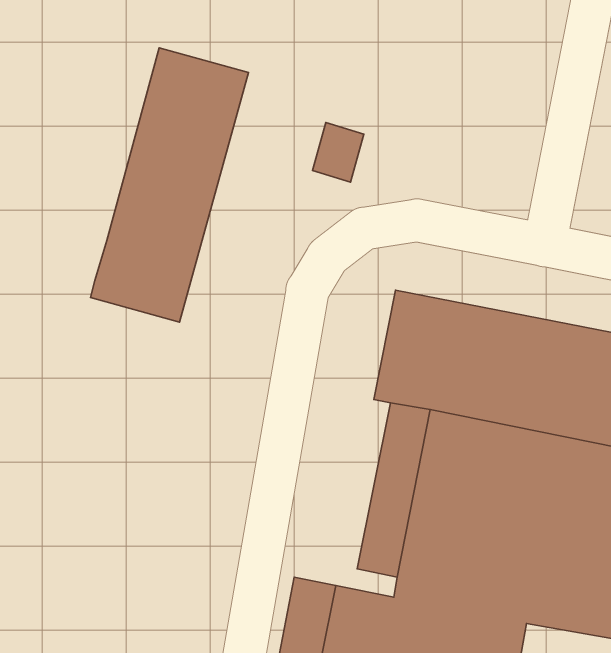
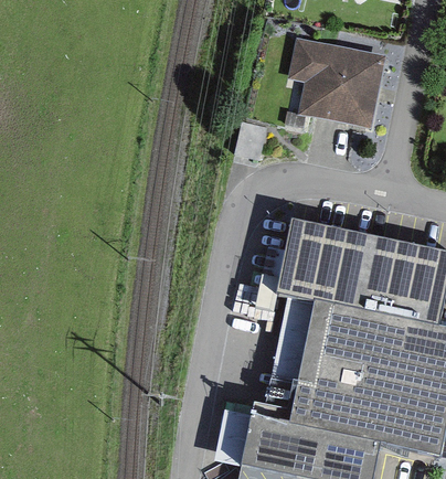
building: none -> [282,35,387,125]
building: [90,48,248,322] -> none

